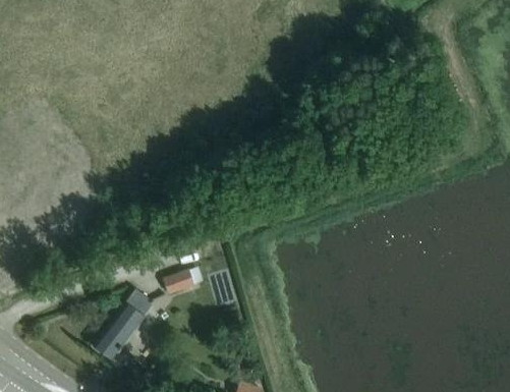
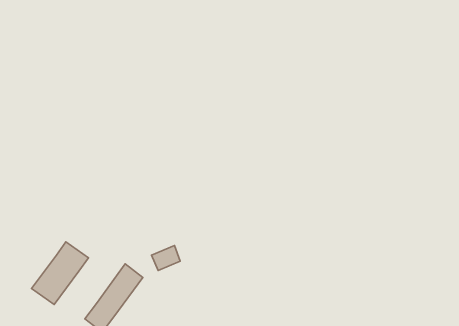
building: none -> [31,242,89,305]

